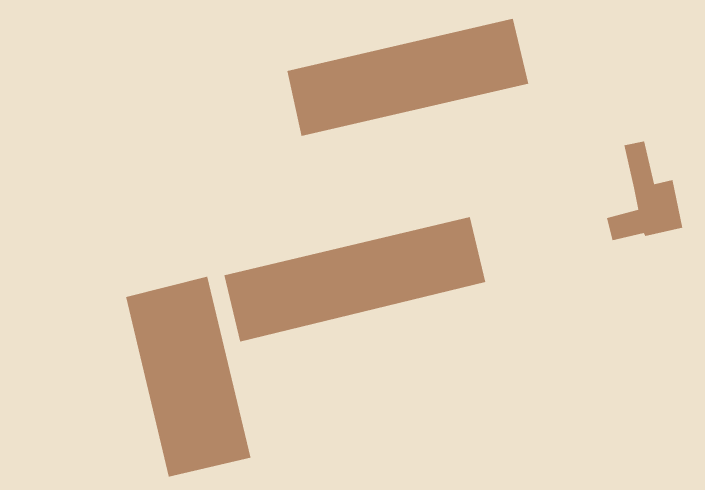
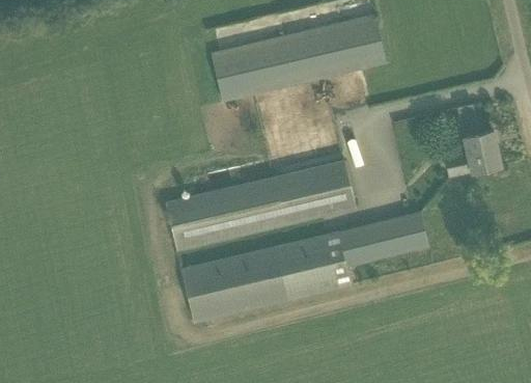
building: [125,276,251,478] -> none
building: none -> [180,212,426,323]

